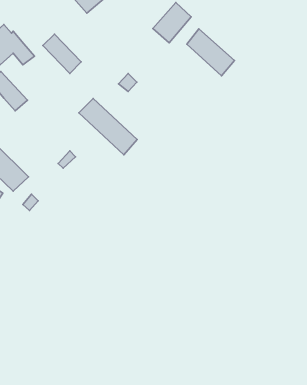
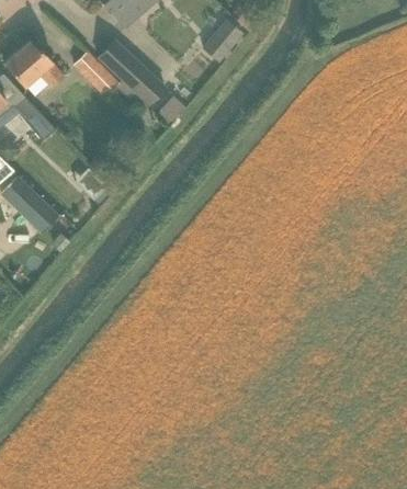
building: [187,29,235,76] -> none
building: [79,98,137,155] -> [97,39,163,104]

